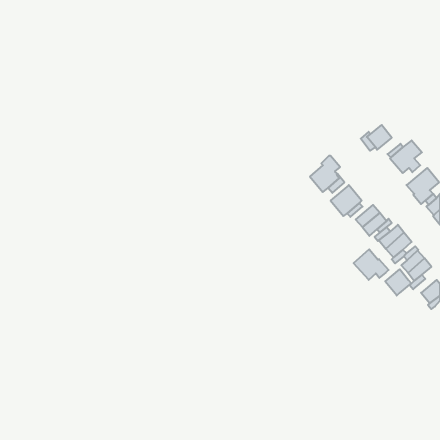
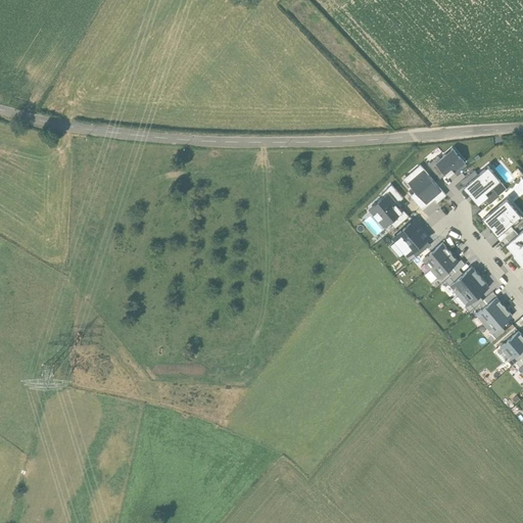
building: none -> [403,165,445,210]
building: [354,249,389,280] -> none
building: [385,269,411,296] -> none

